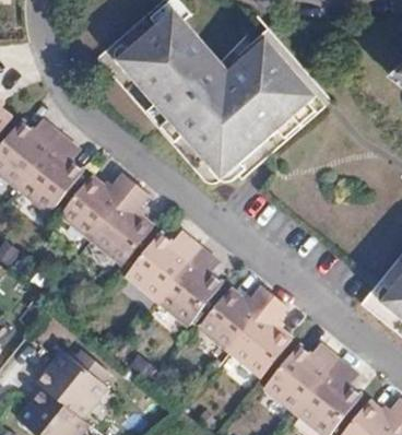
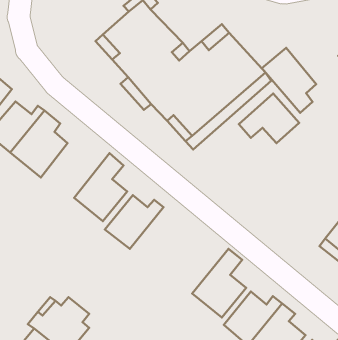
building: none -> [262,48,316,113]
building: none -> [239,94,299,143]
building: [60,178,130,237] -> none
building: [154,248,222,326] -> none
building: [200,290,270,350] -> none

